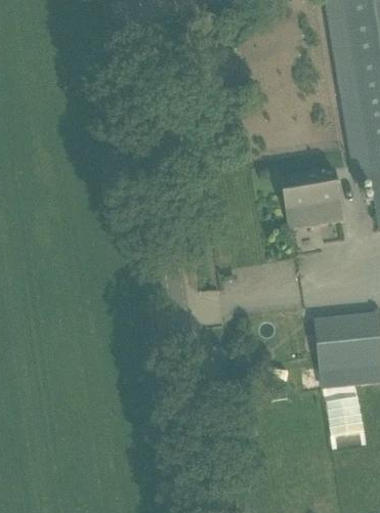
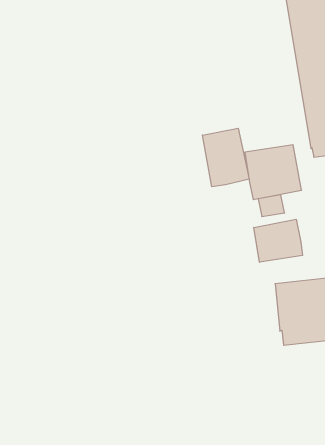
building: none -> [202,128,249,187]
building: none -> [254,219,302,262]

